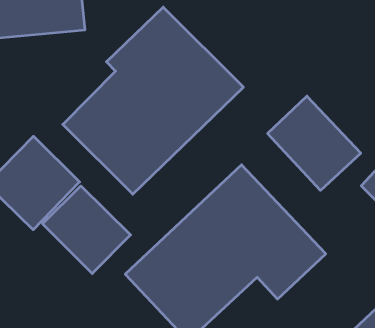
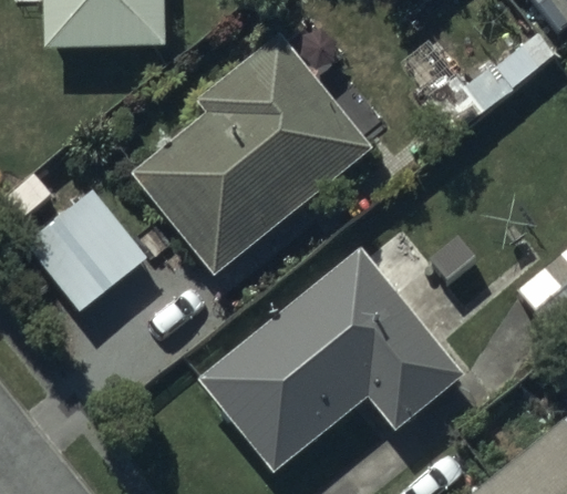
building: [268,96,361,190] -> none
building: [43,186,131,274] -> none

